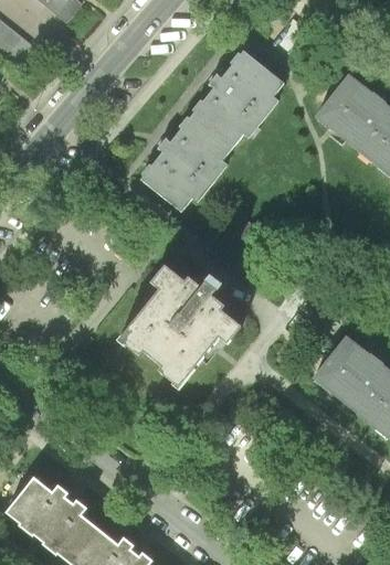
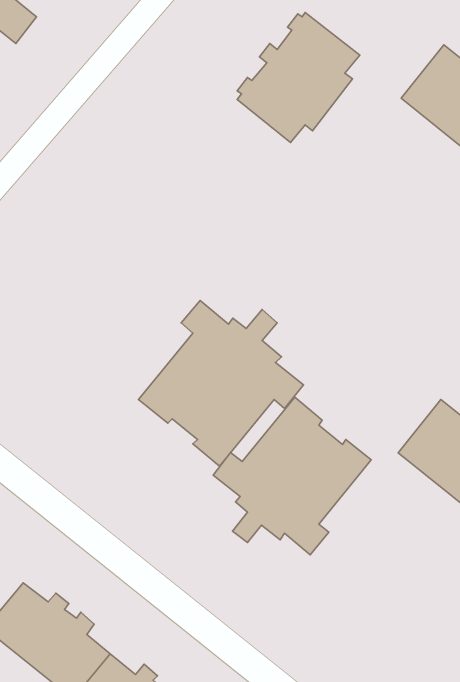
building: [140,114,232,211] -> none
building: none -> [213,397,371,555]

